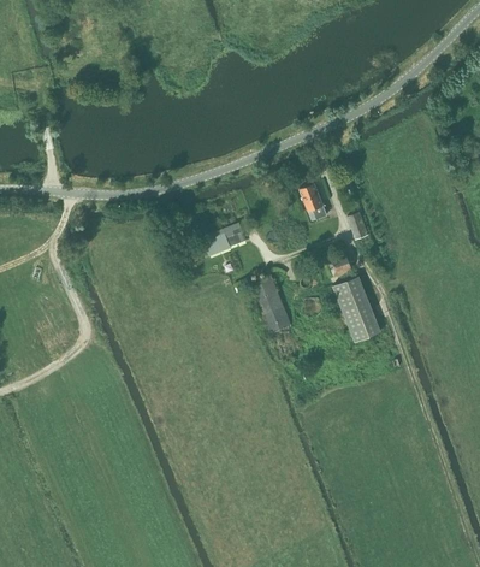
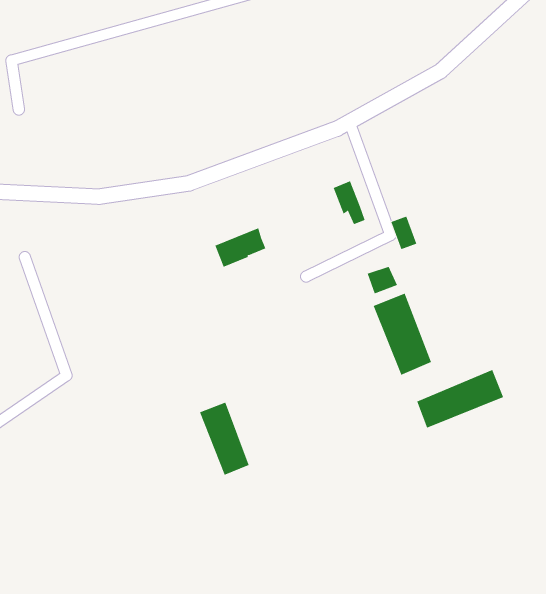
building: [249,274,290,335] -> [199,402,249,476]
building: none -> [417,369,504,429]

